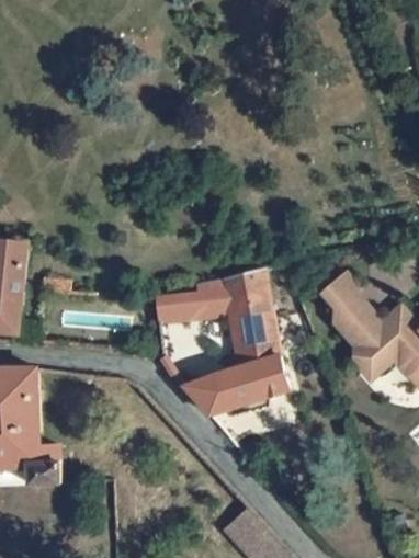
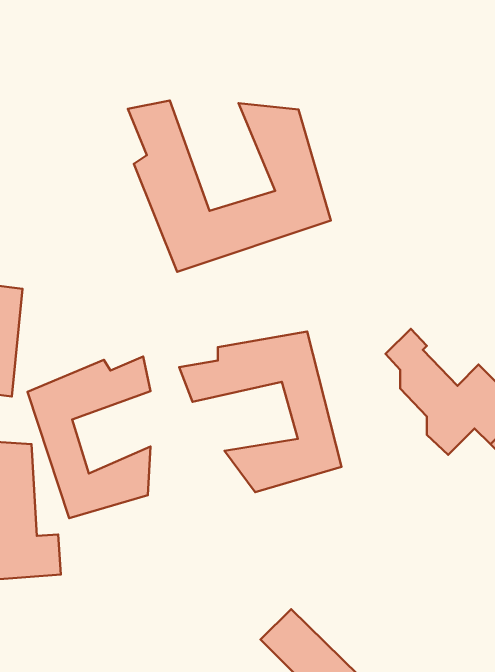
building: none -> [128,101,331,272]
building: none -> [28,357,151,518]

